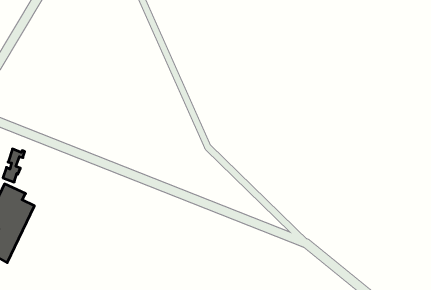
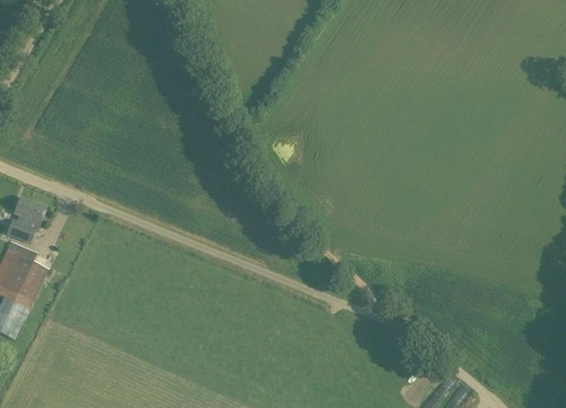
building: none -> [21,200,45,241]

